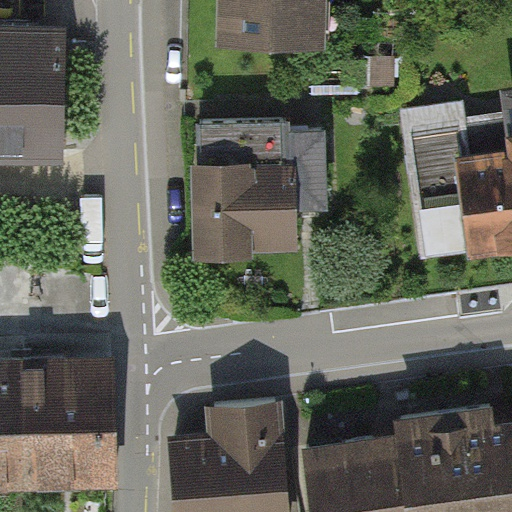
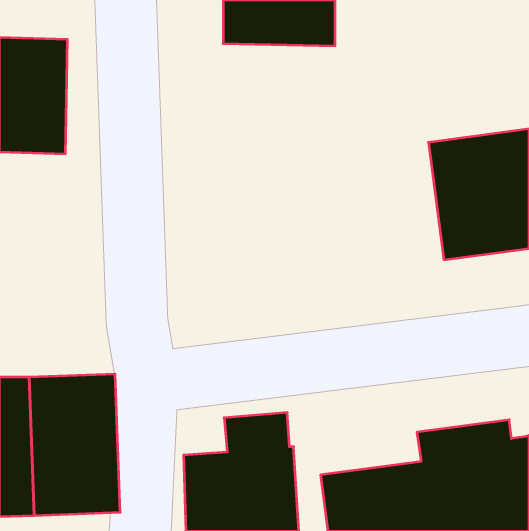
building: [202,121,313,239] -> none

